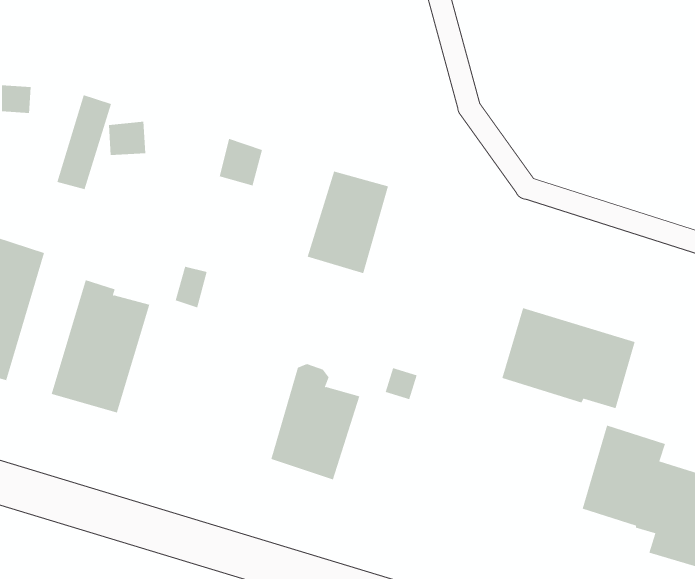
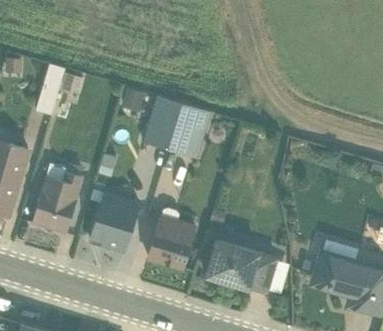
building: none -> [142,97,181,150]
building: [502,308,635,409] -> [205,238,276,292]
building: none -> [89,190,138,251]

